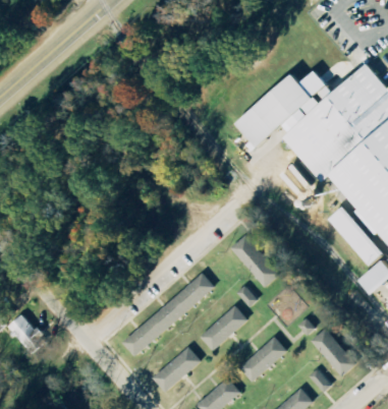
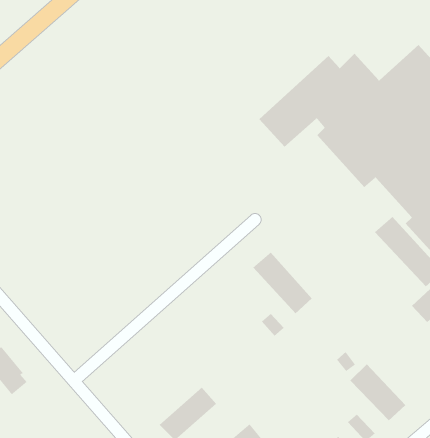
building: [121,274,214,357] -> none
building: [200,306,247,352] -> none
building: [238,337,286,383] -> none

